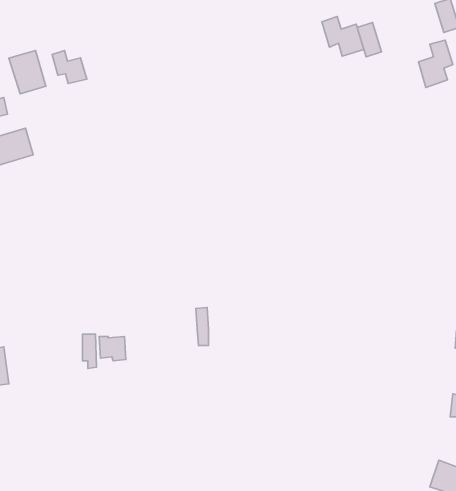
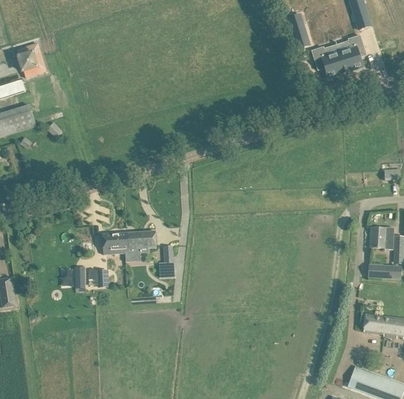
building: [322,17,364,56] -> [311,46,344,77]
building: [52,50,87,84] -> none
building: none -> [102,230,155,254]

